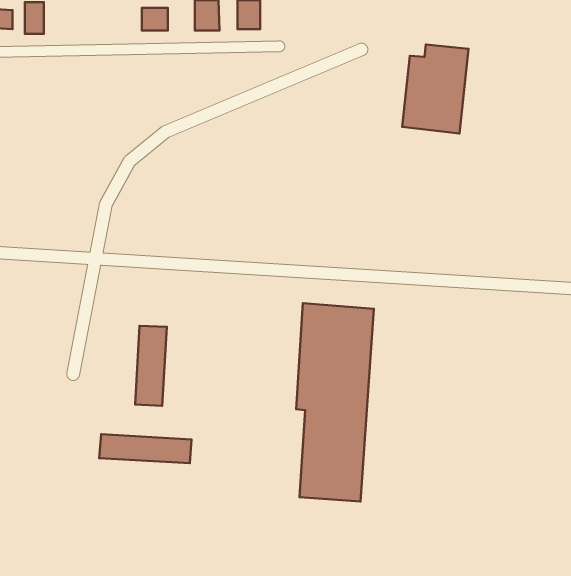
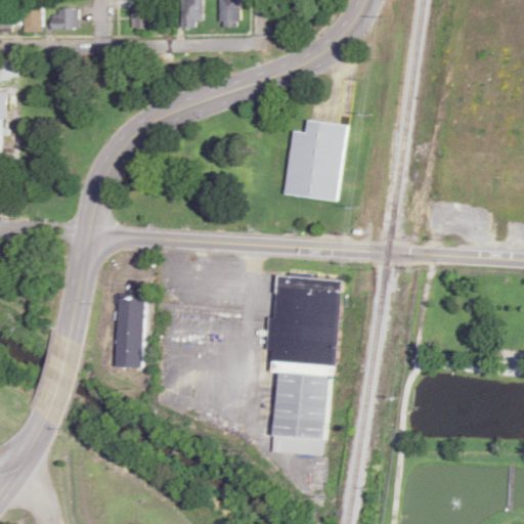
building: none -> [51,7,76,31]
building: [402,44,469,133] -> [283,121,344,202]
building: [99,434,192,463] -> none

